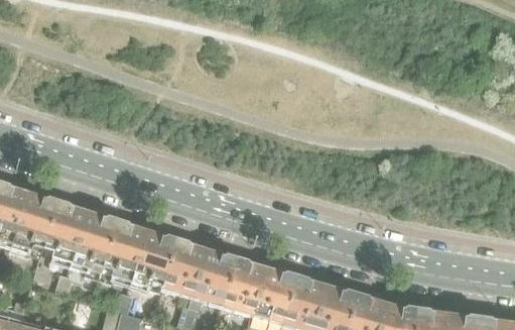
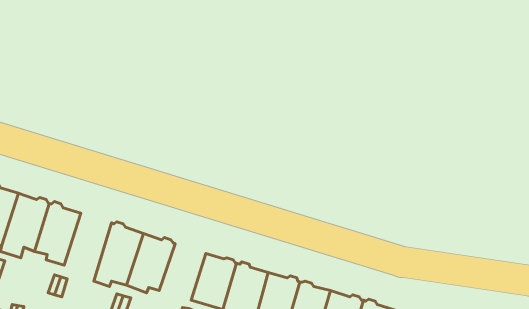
building: [71,214,116,279] -> none
building: [161,241,206,297] -> none

